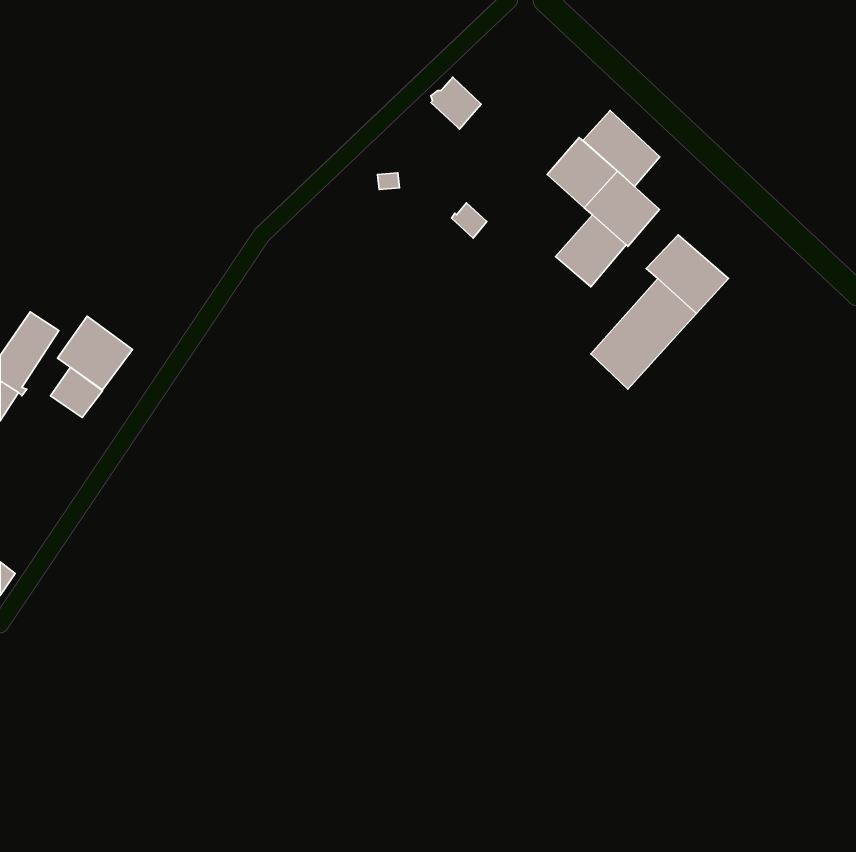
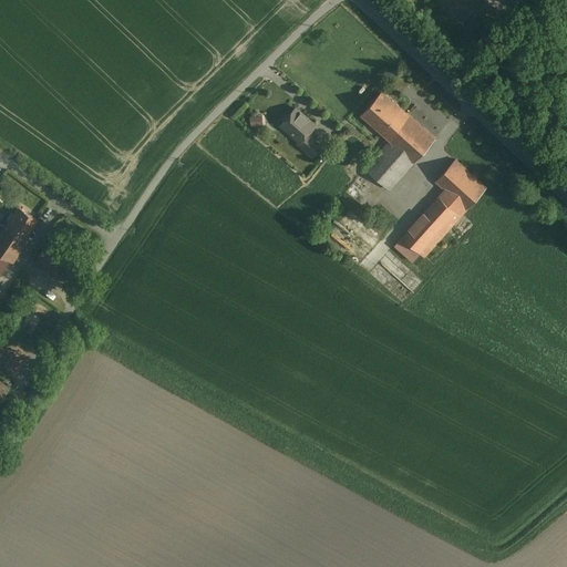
building: [431,77,481,129] -> [284,111,317,145]
building: [583,110,660,187] -> none
building: [58,316,133,390] -> none

